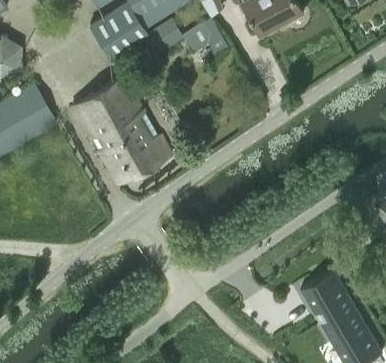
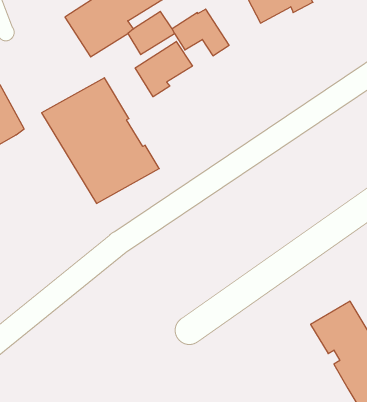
building: none -> [135,41,192,97]

